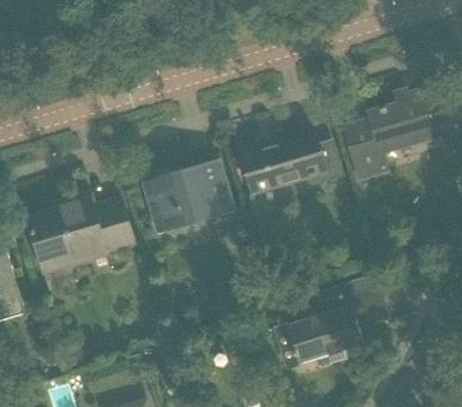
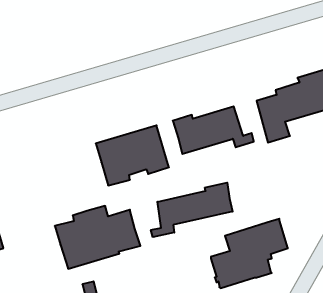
building: [25,193,133,273] -> [55,206,140,269]
building: none -> [151,183,233,237]

